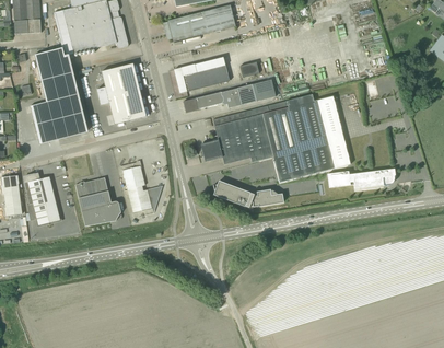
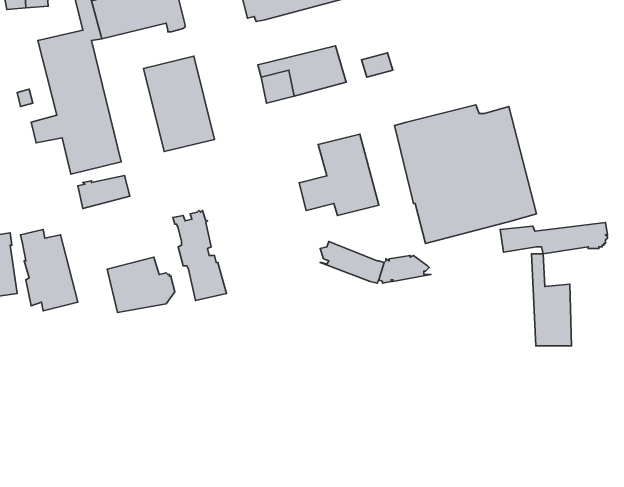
building: [184,79,276,114] -> none
building: [238,107,272,162] -> none
building: [75,177,108,198] -> [78,176,130,208]
building: none -> [531,254,572,346]

